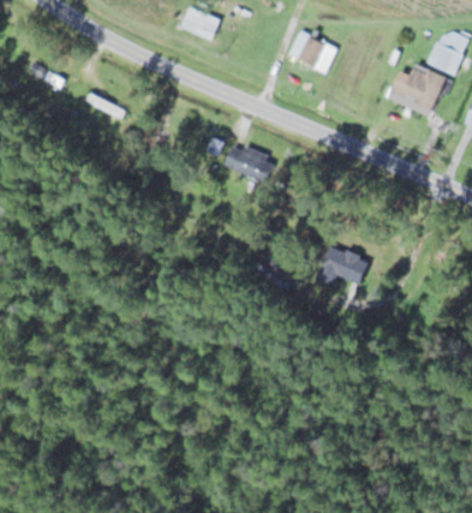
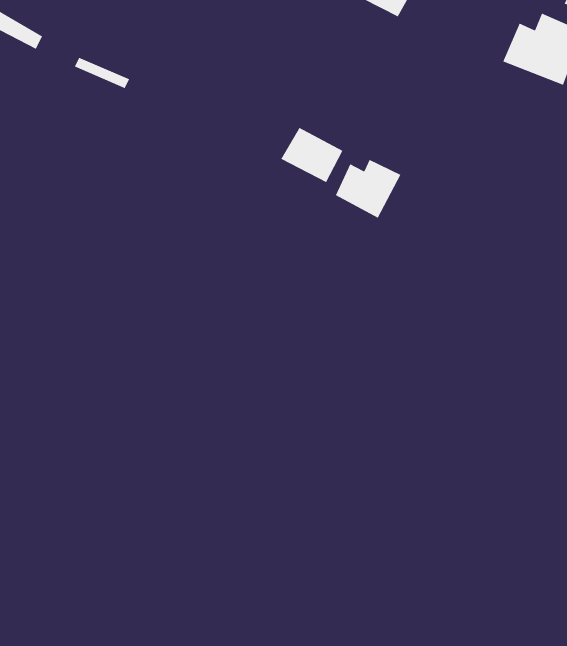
building: none -> [335,159,402,219]
building: [312,241,369,285] -> none

